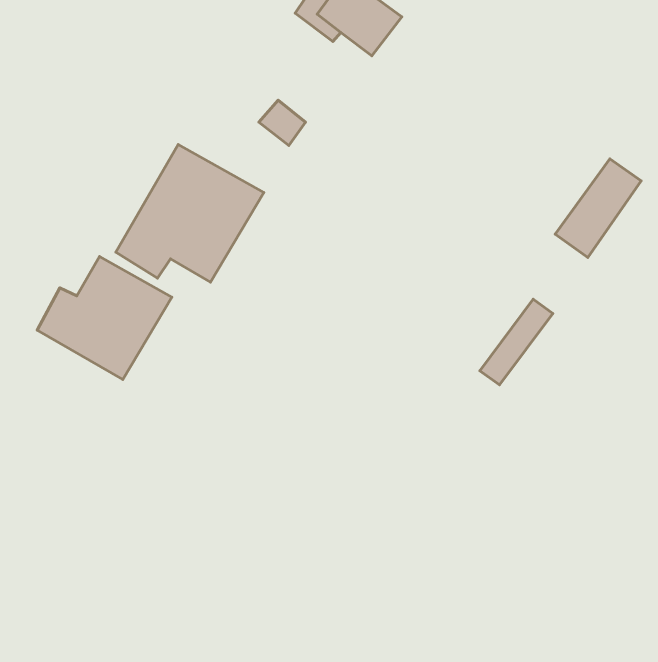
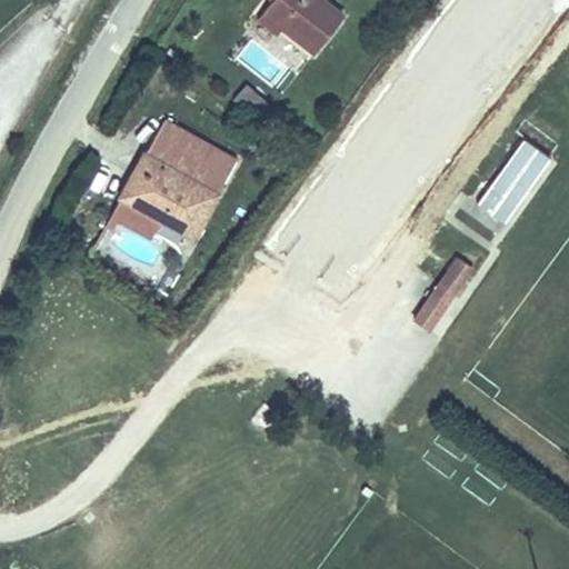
building: [37,257,172,380] -> none

